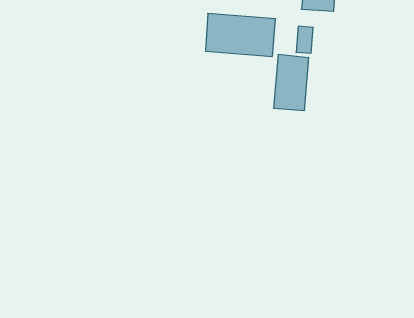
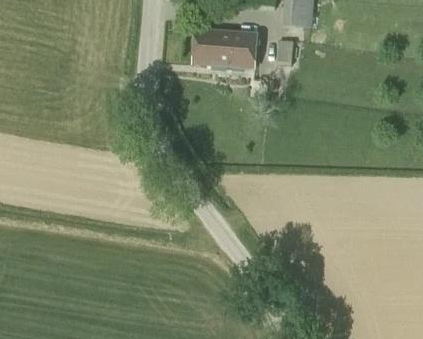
building: [274,54,308,111] -> none

